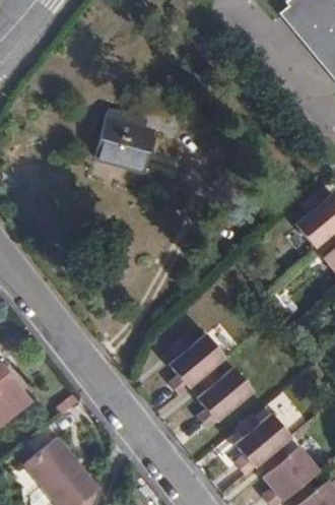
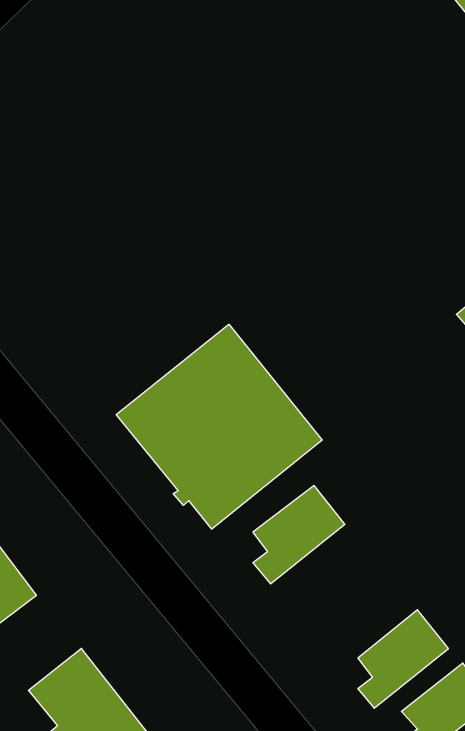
building: [97,116,157,166] -> none
building: none -> [116,324,322,529]
building: [195,367,253,429] -> none

